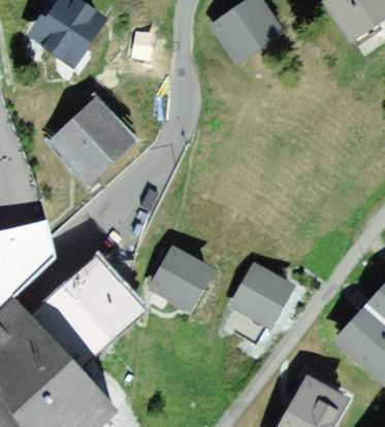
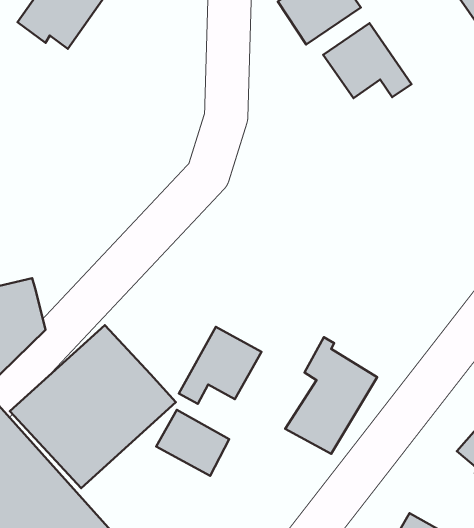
building: none -> [323,23,412,98]
building: [59,108,127,175] -> none
building: none -> [156,410,229,476]

